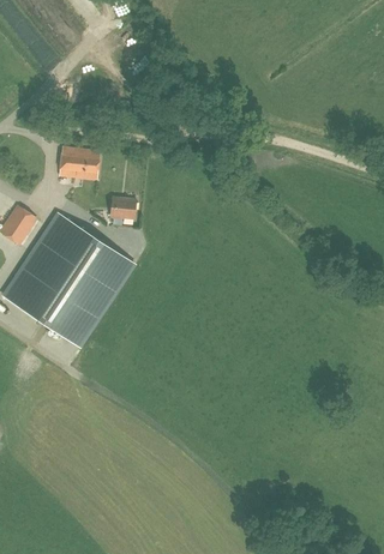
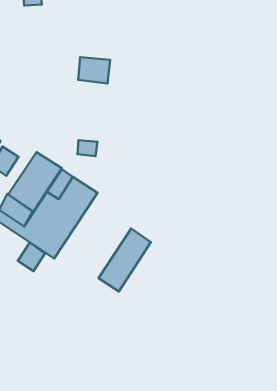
building: [59,145,100,179] -> [78,57,110,83]
building: none -> [98,229,151,291]
building: none -> [18,243,45,271]

